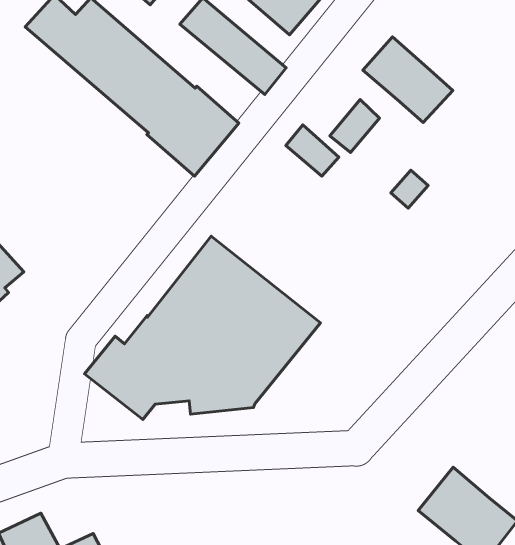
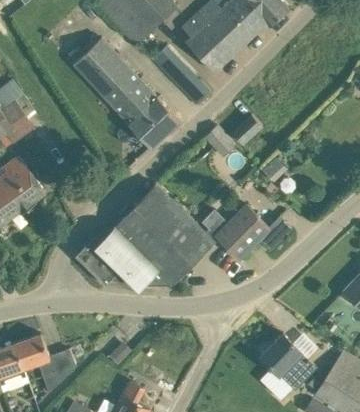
building: [363,37,453,122] -> none
building: none -> [205,205,289,259]

